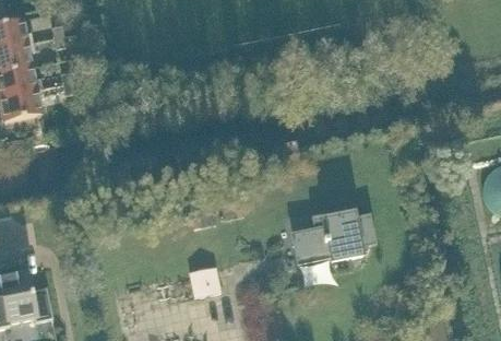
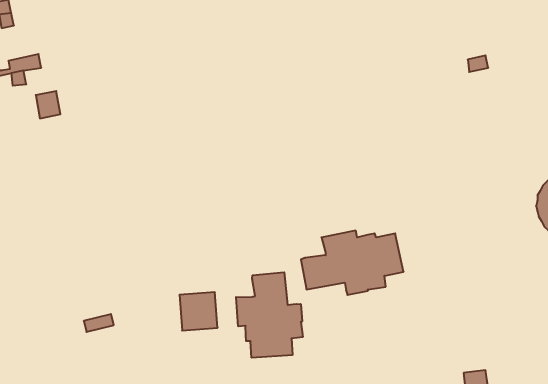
building: none -> [236,272,303,358]

